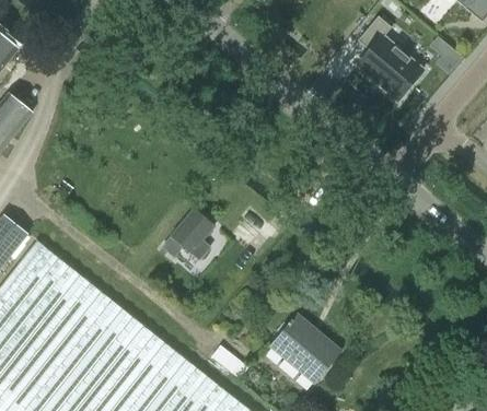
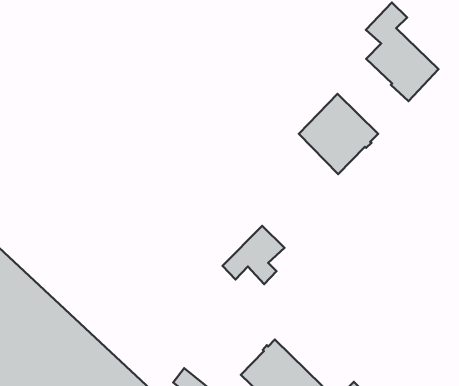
building: none -> [299,94,378,174]
building: [161,210,213,260] -> [223,226,285,284]

